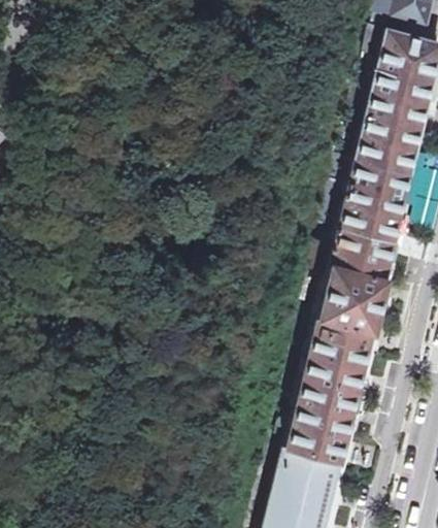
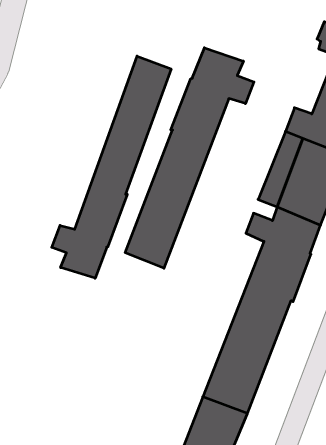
building: none -> [125,48,254,268]
building: none -> [52,56,171,278]

